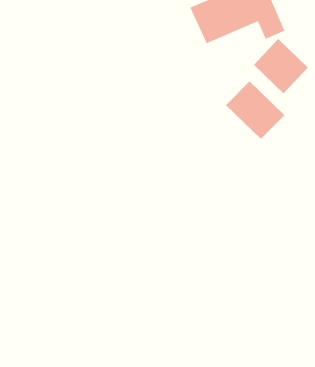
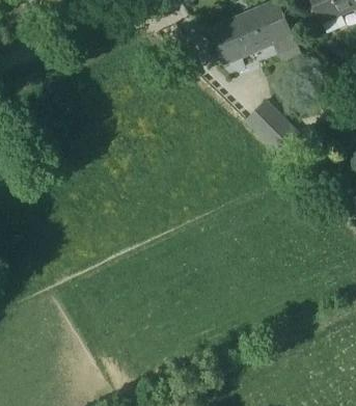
building: [253,38,308,94] -> none

